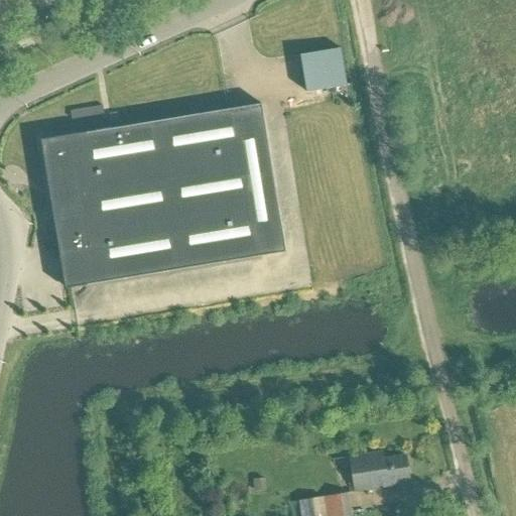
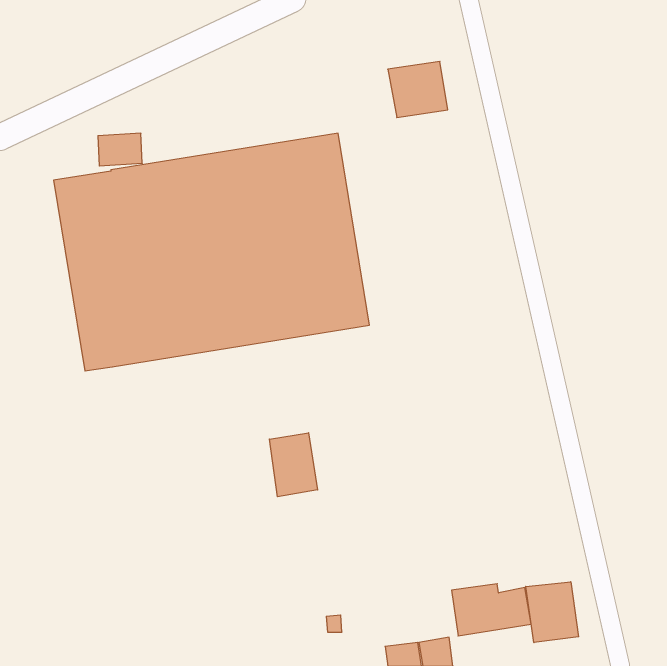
building: none -> [269,433,318,497]
building: none -> [526,582,579,643]

